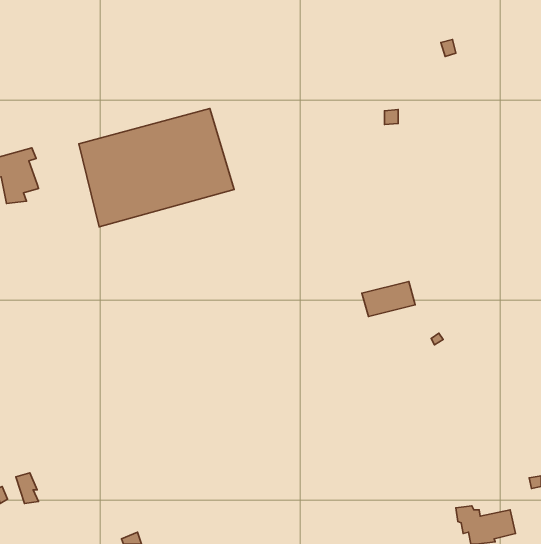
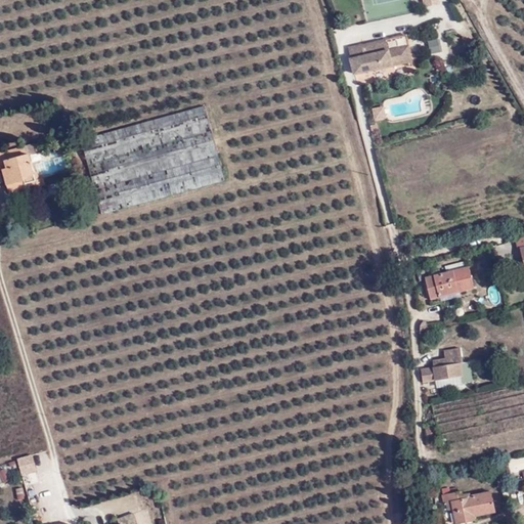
building: none -> [348,33,417,87]
building: [362,281,415,317] -> [423,265,474,299]
building: none -> [420,346,471,386]

